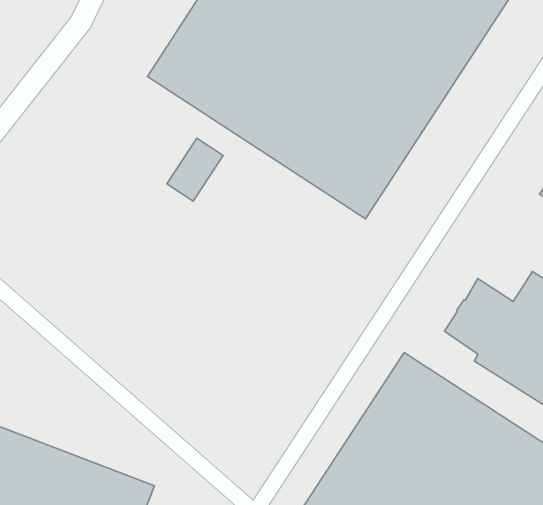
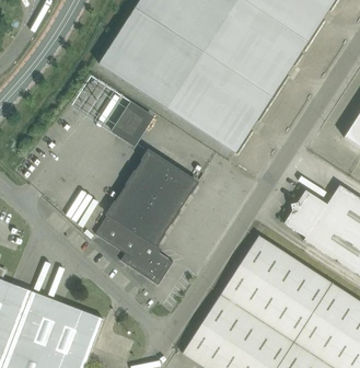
building: none -> [95,150,197,285]

